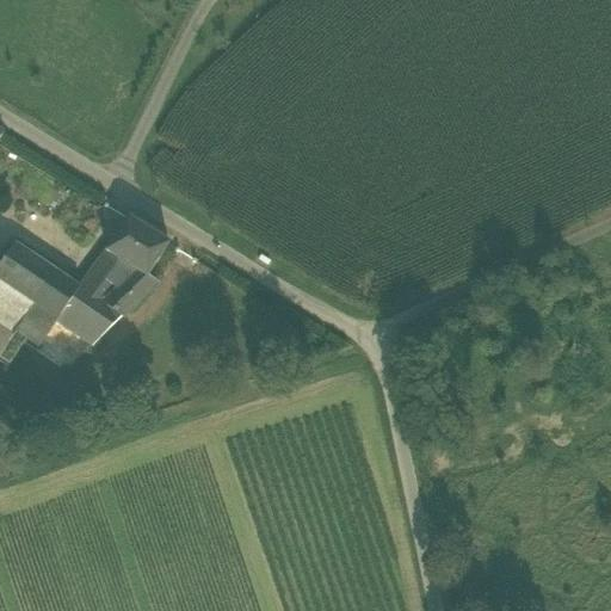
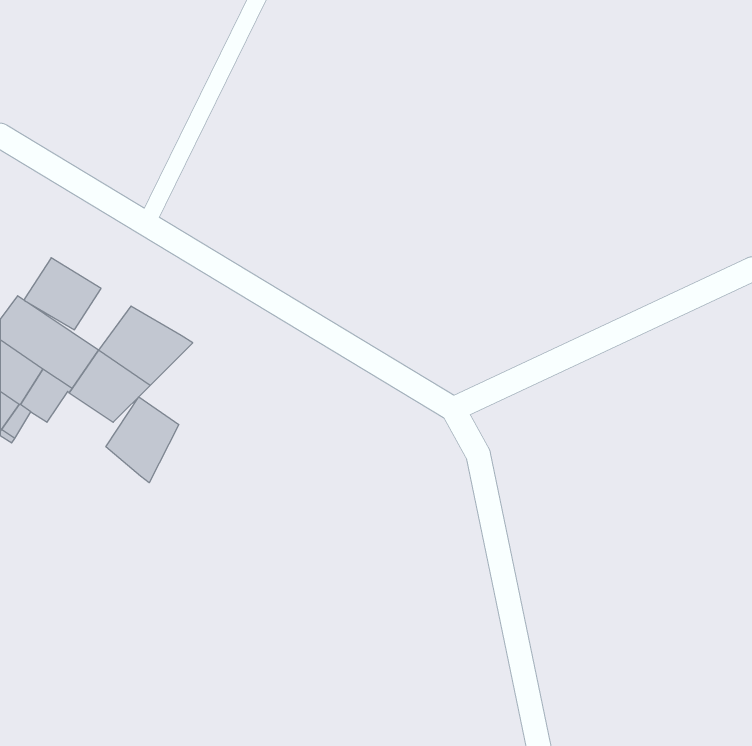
building: [106,214,168,272] -> [25,258,101,330]
building: none -> [106,397,179,483]

